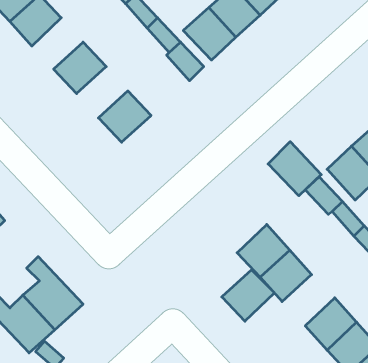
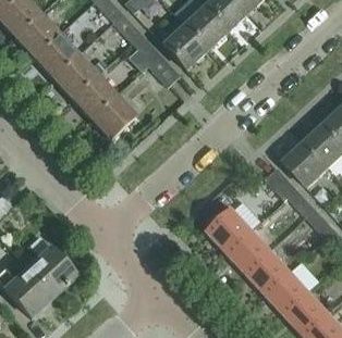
building: none -> [34,33,77,76]
building: none -> [72,74,115,117]
building: [268,142,321,196] -> none
building: [222,270,274,321] -> [246,250,291,293]

